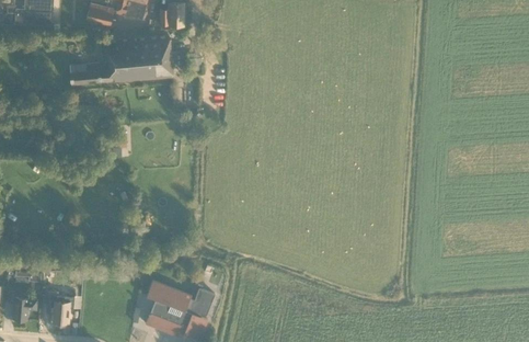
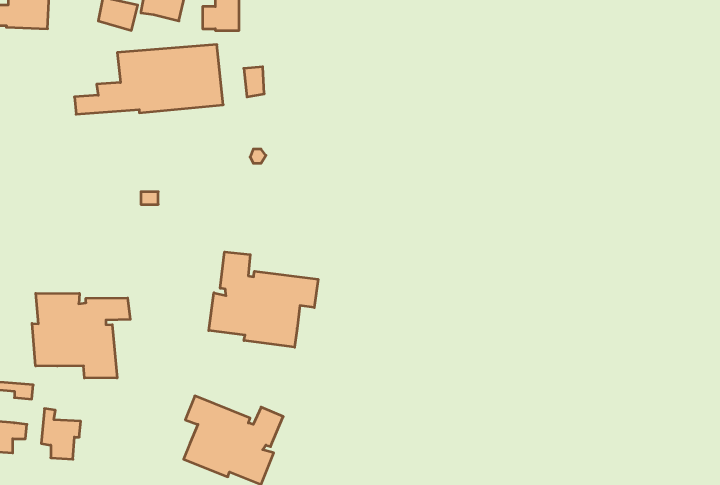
building: none -> [209,252,318,347]
building: none -> [32,293,130,378]

